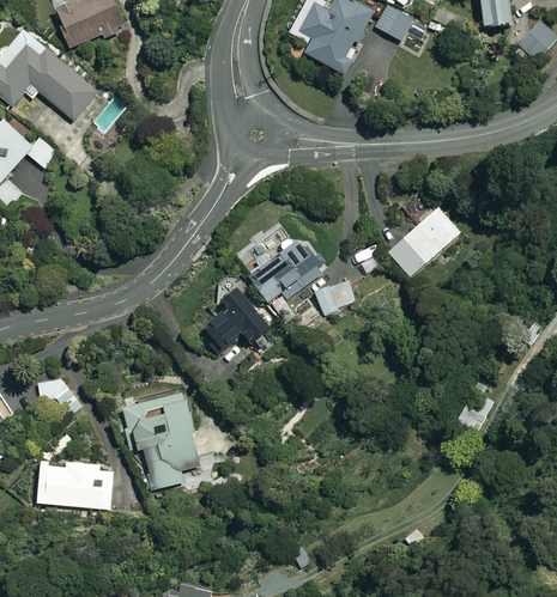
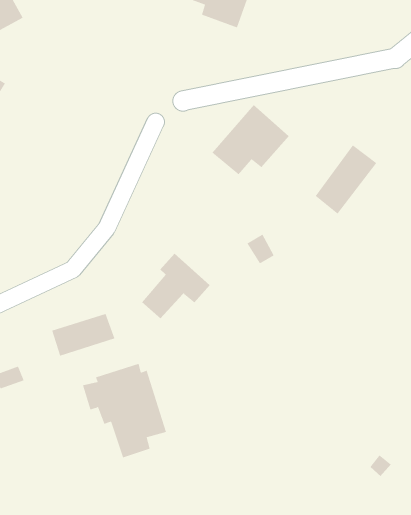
building: [247,233,328,303] -> [211,104,289,175]
building: none -> [51,313,115,357]
building: [38,463,108,507] -> none

